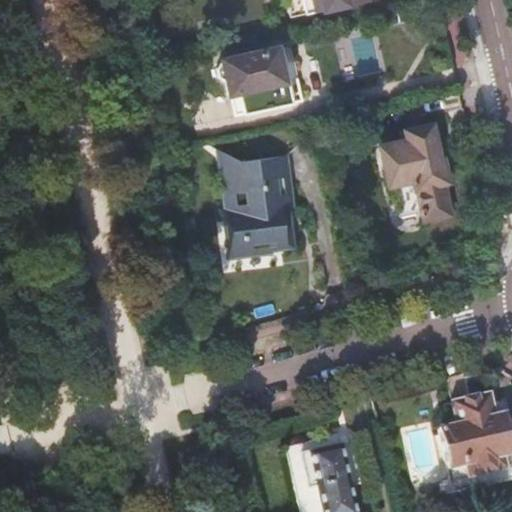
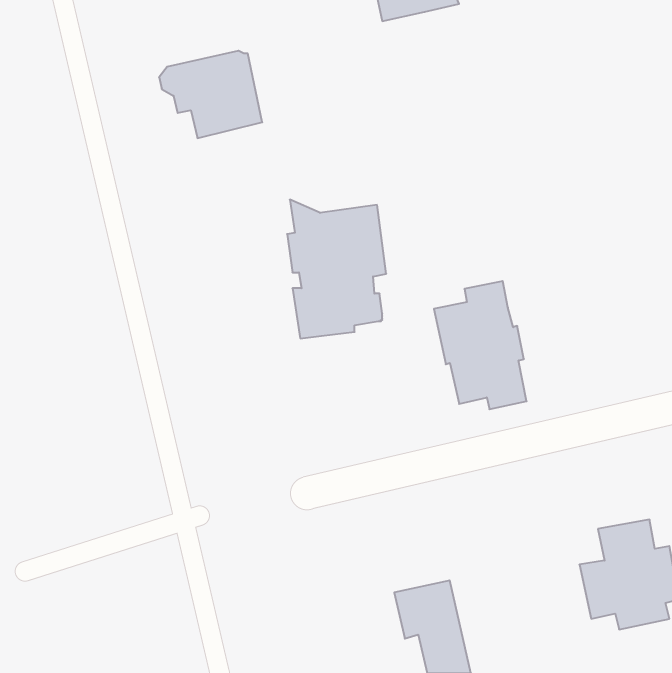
building: [218,47,296,113] -> [159,51,262,138]
building: [383,122,453,219] -> [434,281,527,409]

